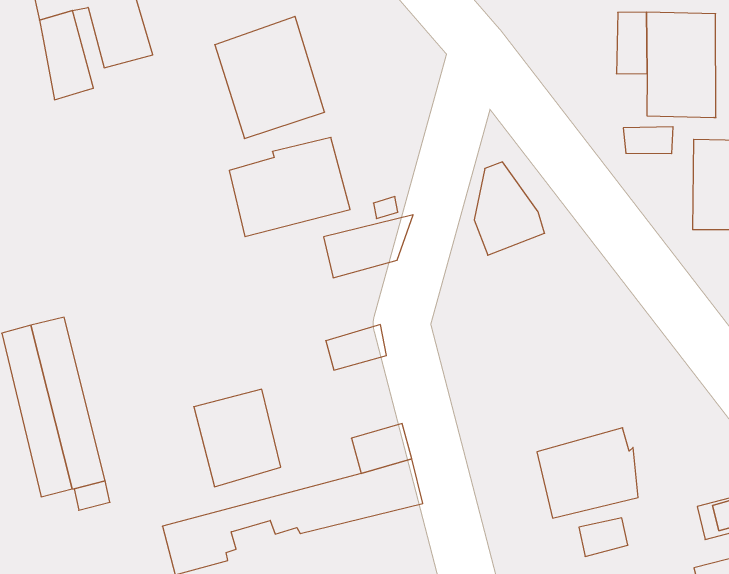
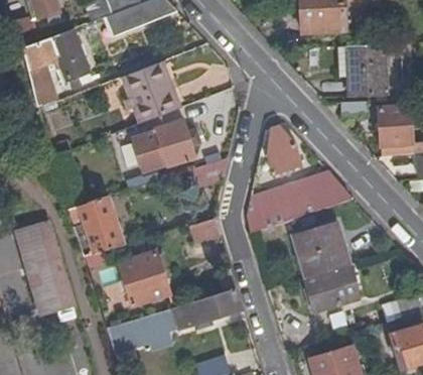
building: none -> [245,172,345,234]
building: none -> [70,197,122,258]
building: none -> [289,222,346,278]

